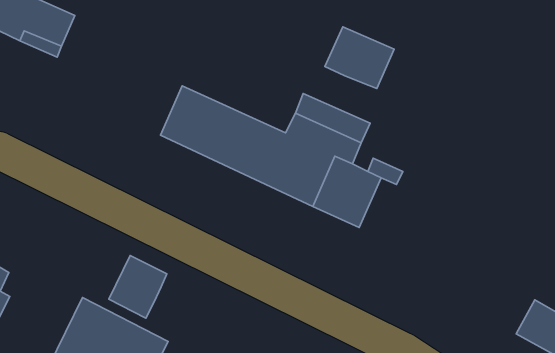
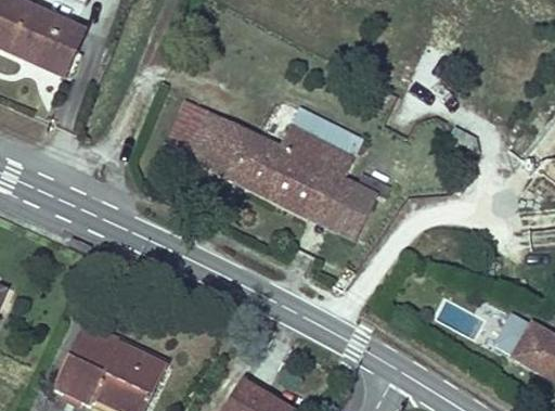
building: [325,27,394,89] -> none
building: [109,256,167,318] -> none

